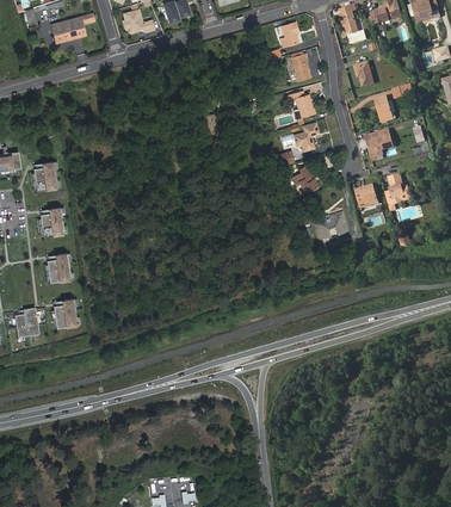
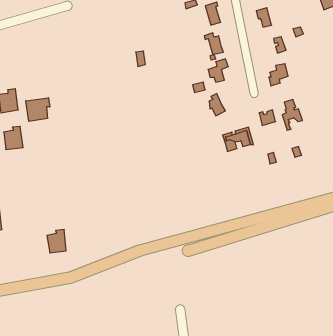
building: none -> [26,98,50,121]
building: [48,253,72,282] -> none
building: [54,298,78,327] -> [47,230,66,253]

